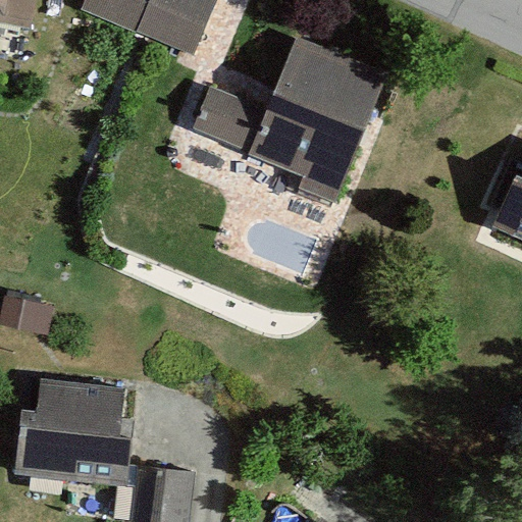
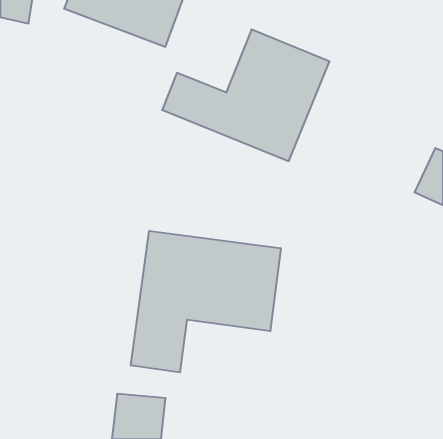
building: none -> [131,231,281,372]
building: [11,381,136,484] -> none

